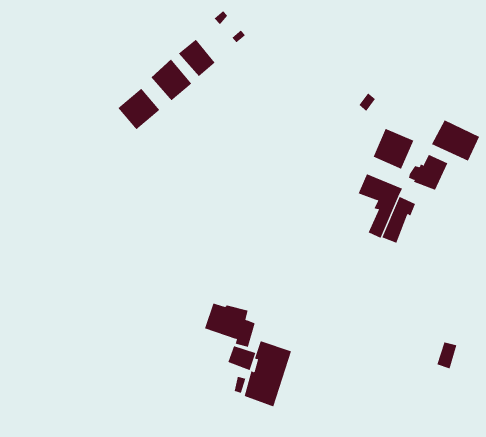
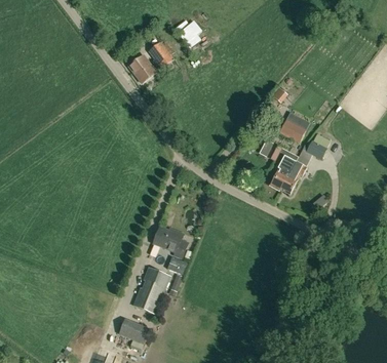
building: [117,88,160,130] -> none
building: [431,119,480,161] -> none
building: [244,340,292,407] -> [133,267,169,314]

